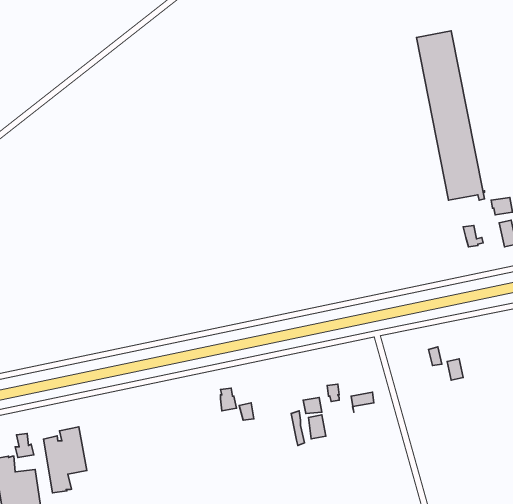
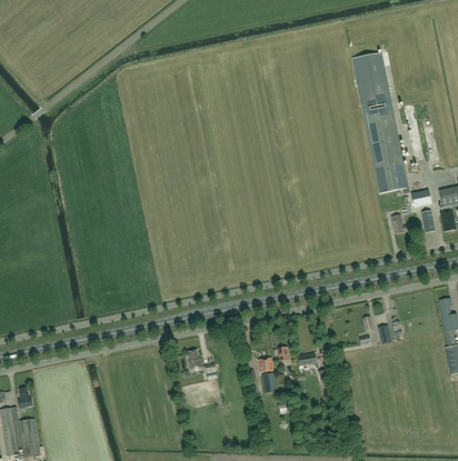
building: [44,427,87,493] -> none

